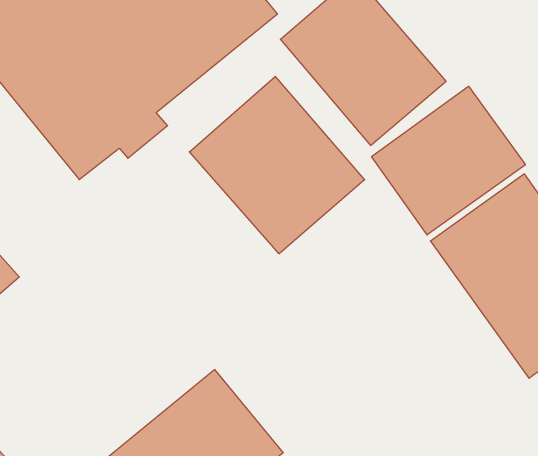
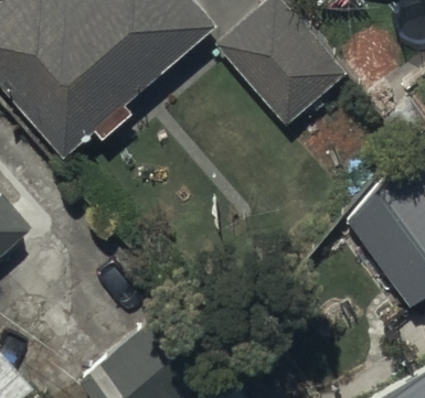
building: [189,76,365,254] -> none
building: [372,86,525,235] -> none

